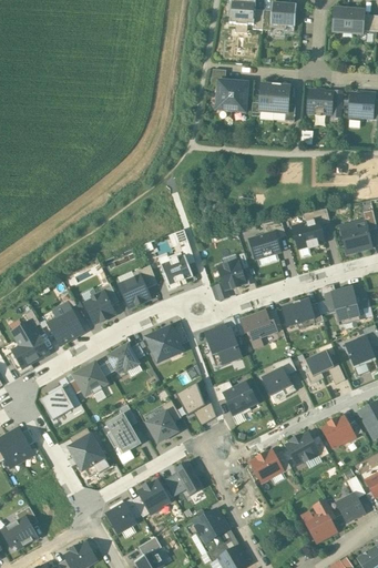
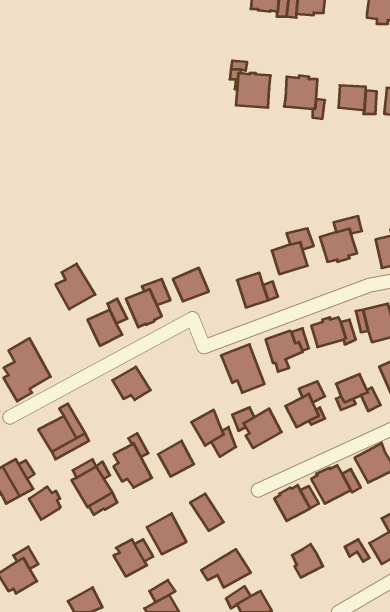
building: [48,304,83,345] -> [56,264,95,309]
building: [147,326,182,361] -> none
building: [71,364,104,397] -> none
building: none -> [29,487,60,520]
building: [307,510,335,540] -> [292,544,323,577]

